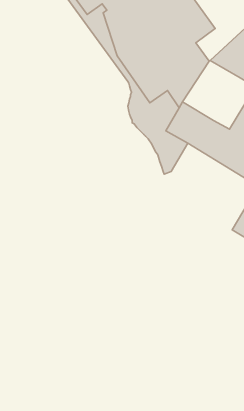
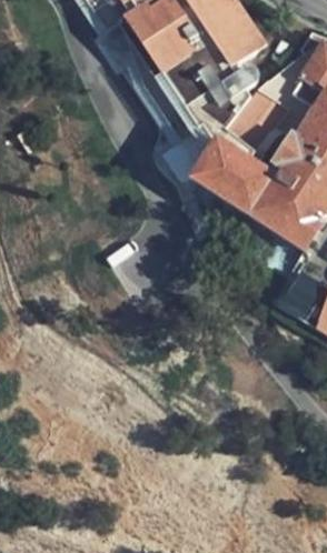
building: none -> [234,93,306,169]

